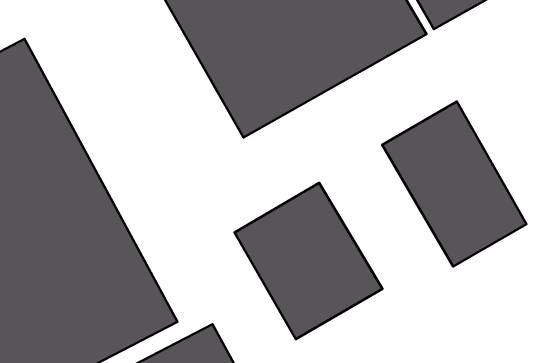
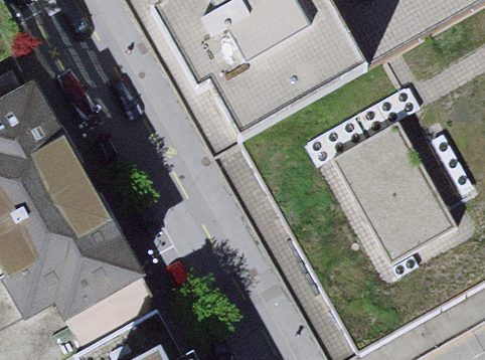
building: [234,183,382,339] -> none

